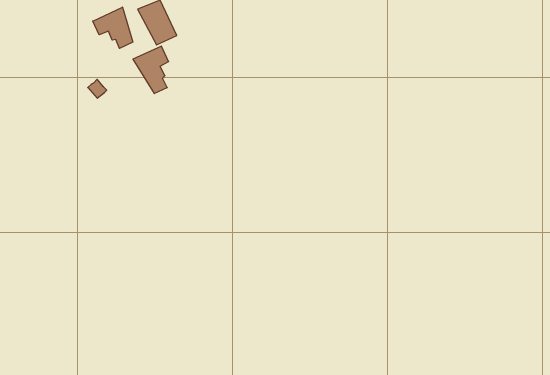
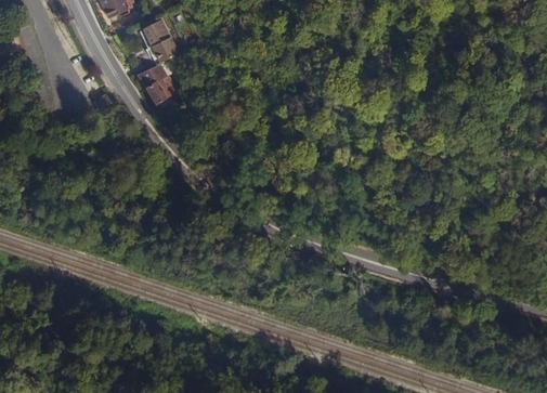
building: [93,7,133,48] -> none

